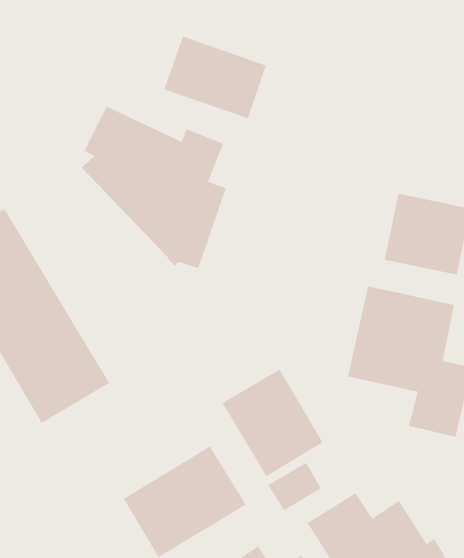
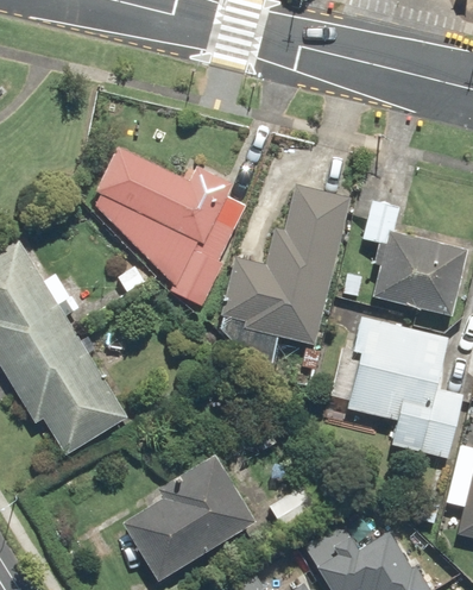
building: [163,36,267,119] -> none
building: none -> [222,190,348,349]
building: [221,368,324,477] -> none

